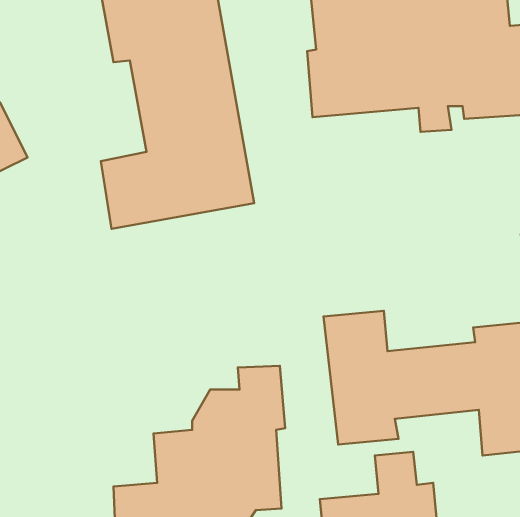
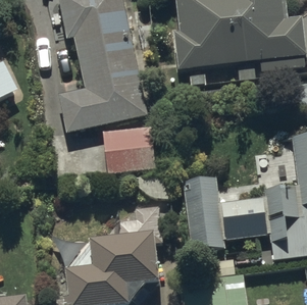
building: none -> [103,124,154,170]

